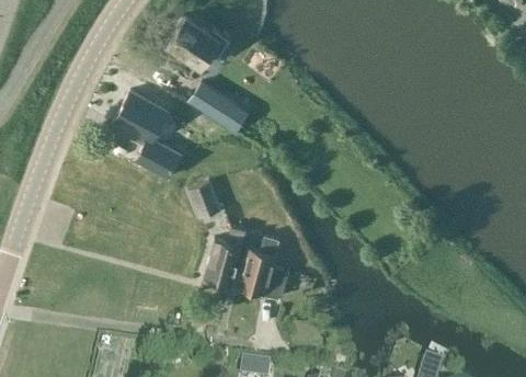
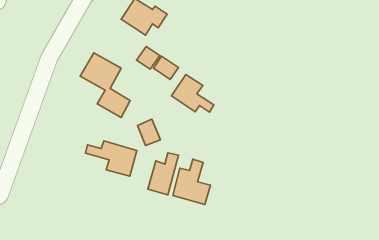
building: none -> [172,75,214,112]
building: none -> [86,141,137,176]

